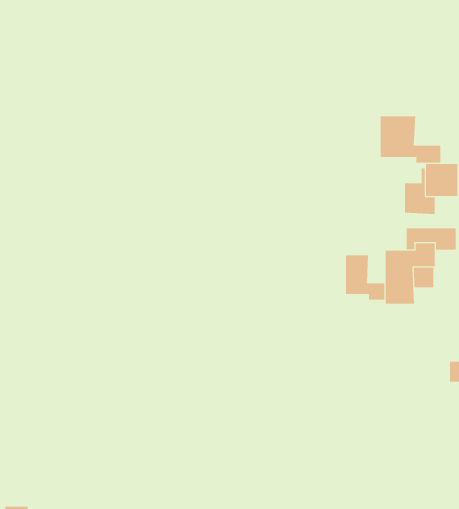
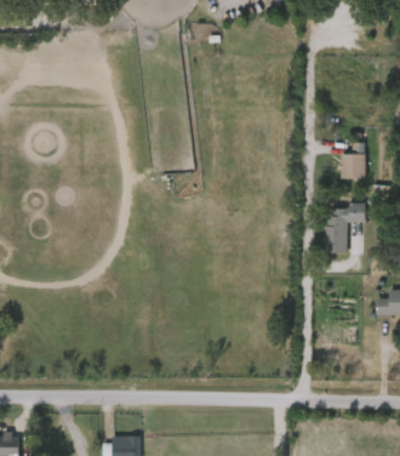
building: [380,116,441,164] -> none
building: [346,254,385,301] -> none

